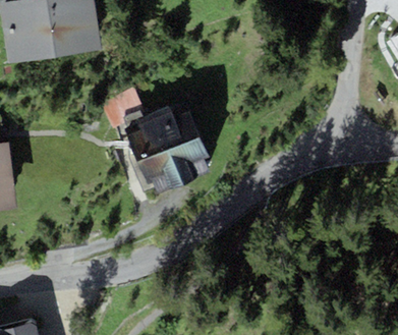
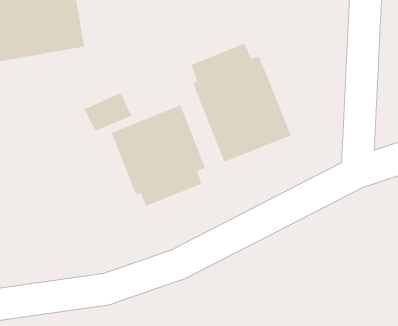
building: none -> [191,43,292,162]

